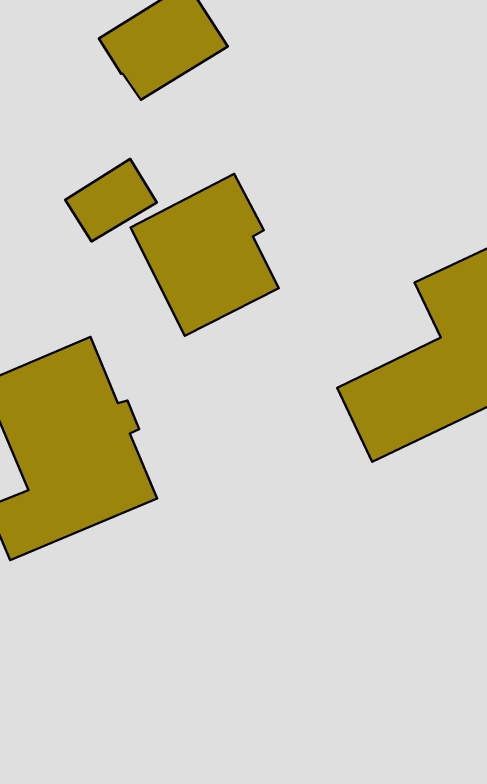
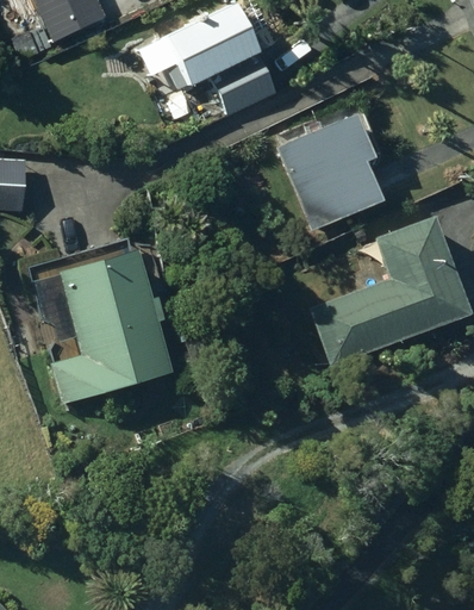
building: [65,159,157,241] -> [213,57,279,113]
building: [131,174,279,336] -> [282,116,383,228]

